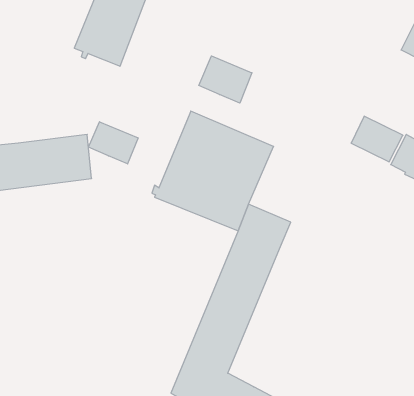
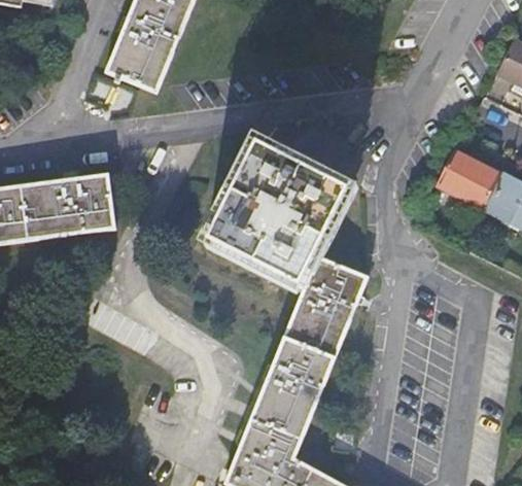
building: [199,56,252,103] -> none
building: [89,122,138,164] -> none

